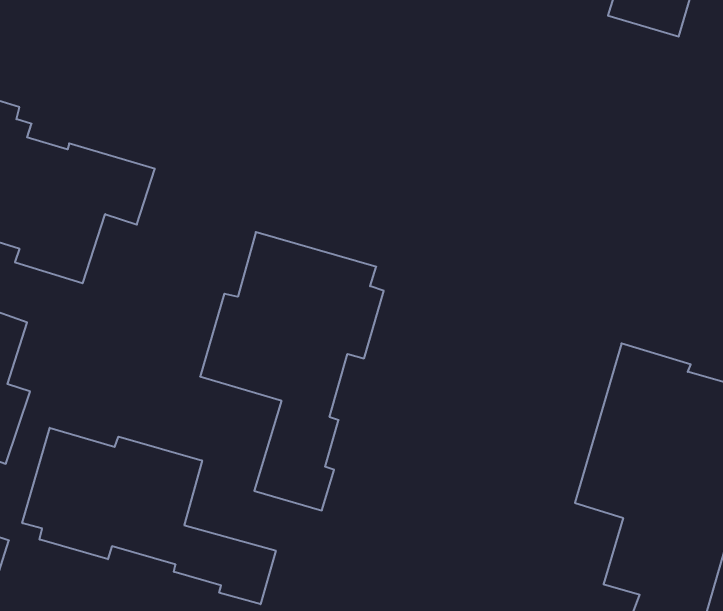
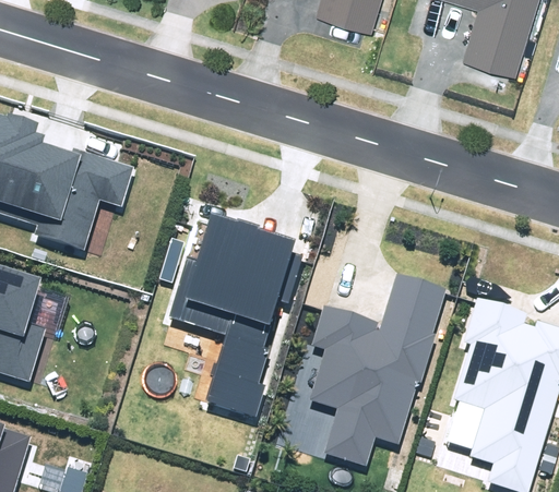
building: none -> [309,276,449,467]
building: [22,428,276,604] -> none

